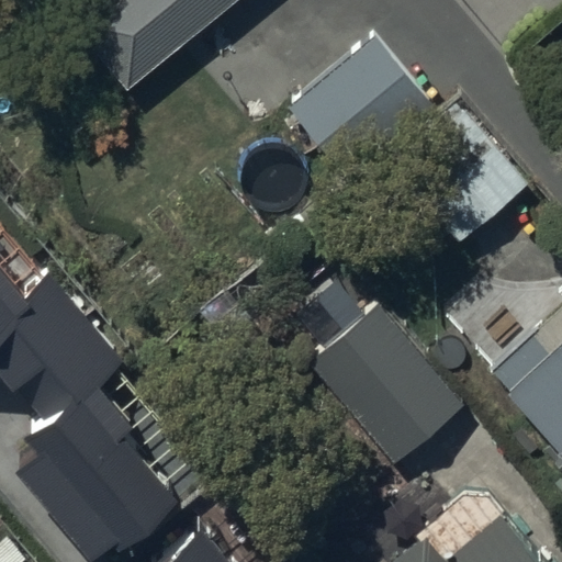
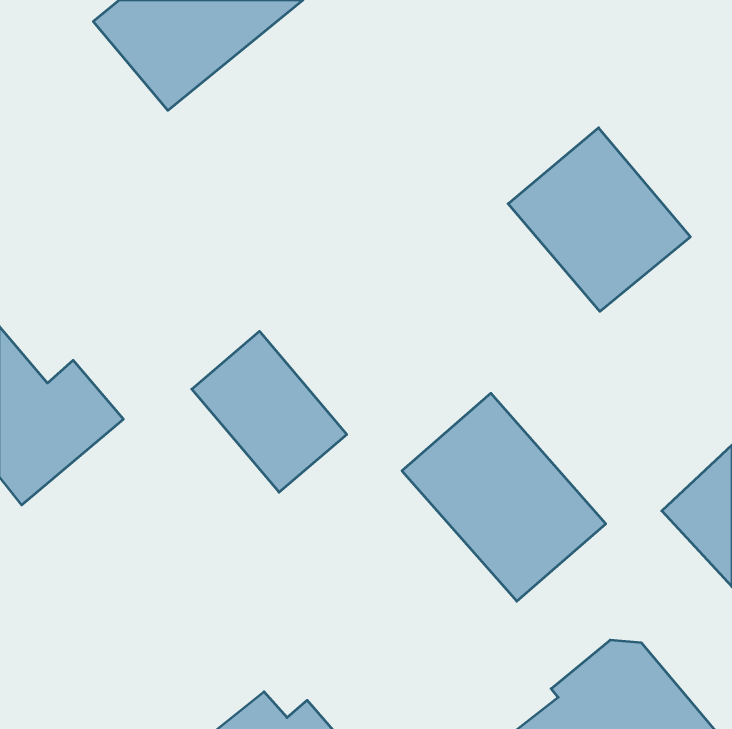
building: [288,35,434,178] -> none
building: none -> [192,331,347,492]
building: [16,324,178,535] -> none

